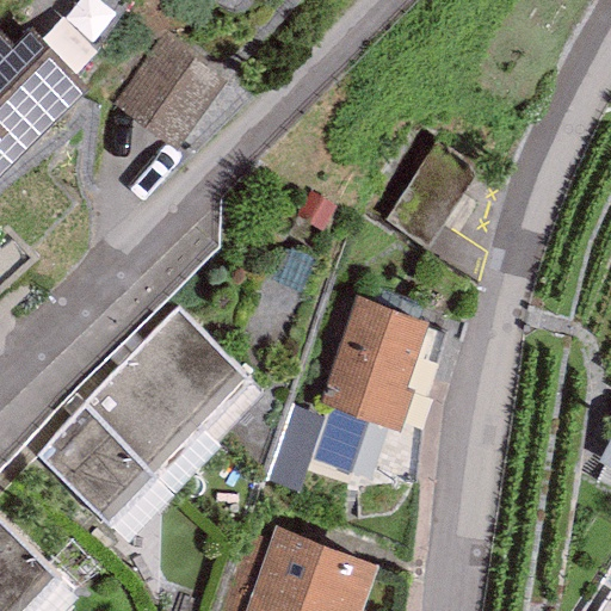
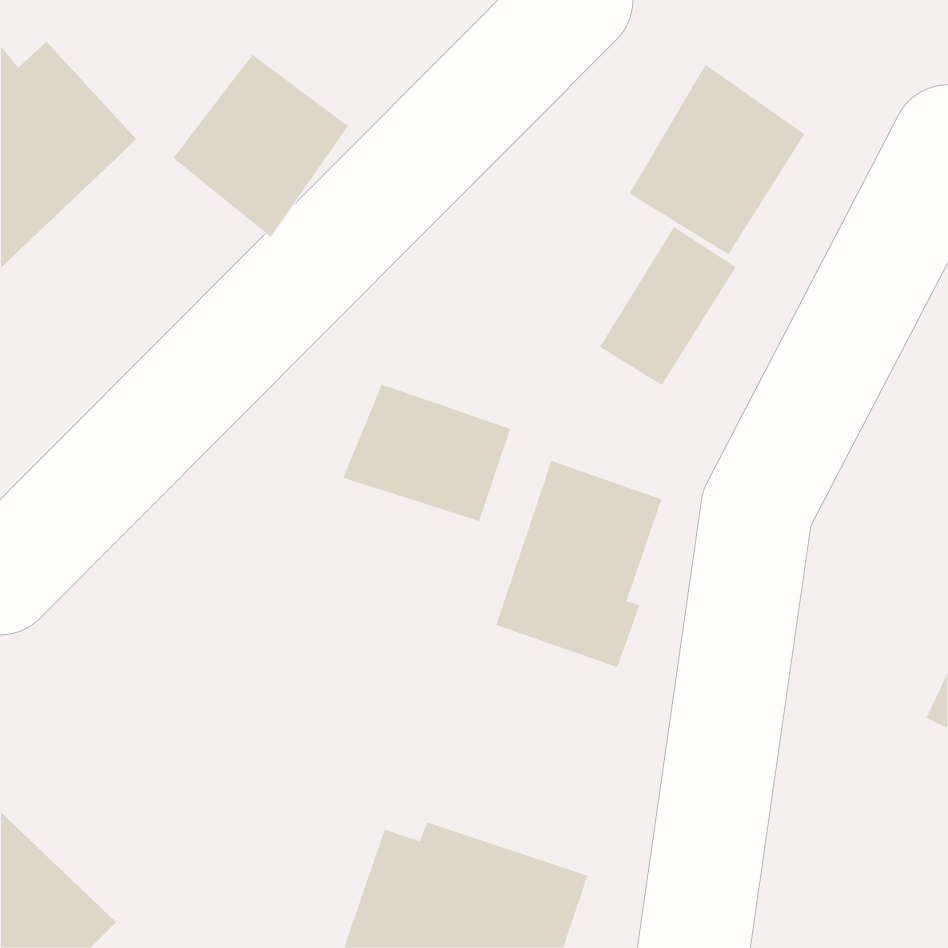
building: none -> [629,64,805,255]
building: none -> [342,384,511,522]
building: [33,308,264,541] -> none

